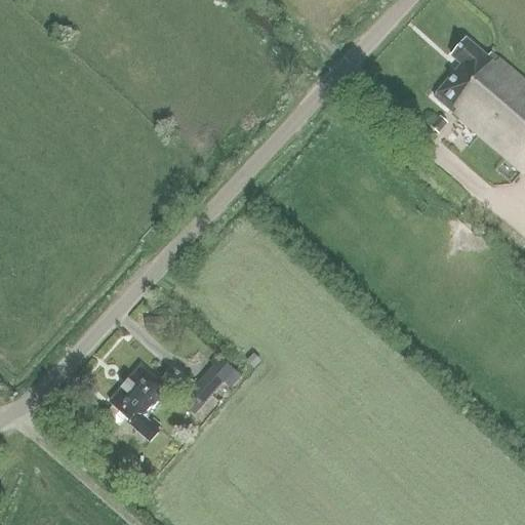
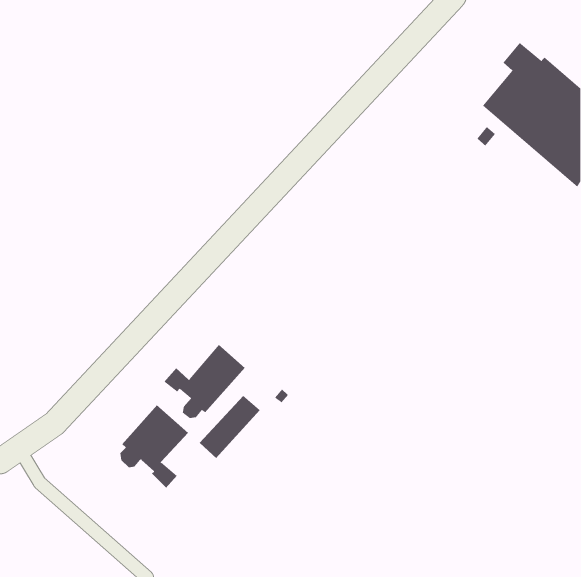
building: none -> [163,344,246,419]

